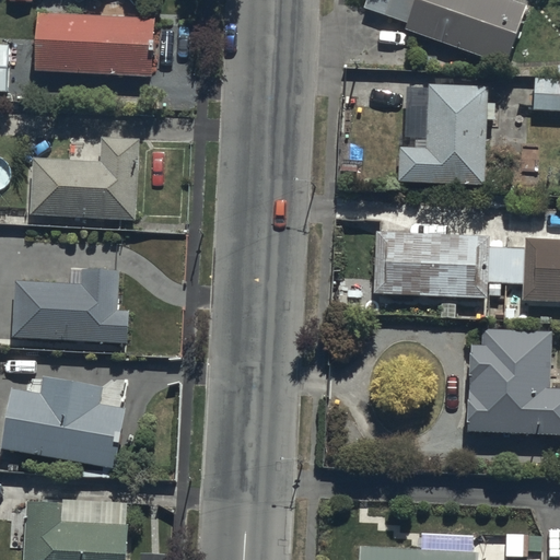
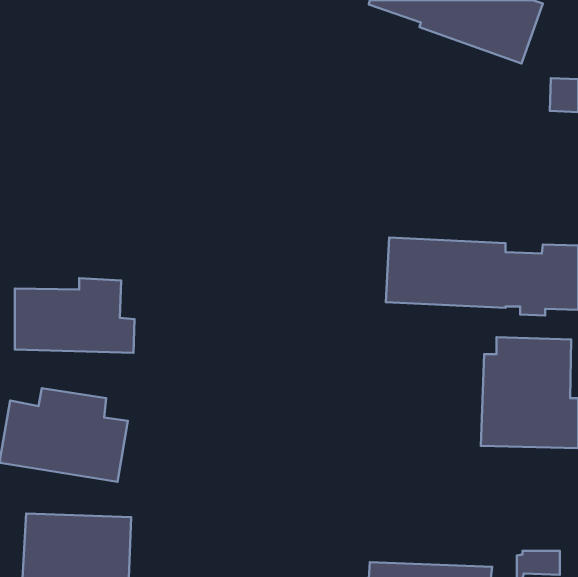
building: [35,12,153,74] -> none
building: [396,83,494,185] -> none
building: [32,136,138,220] -> none

